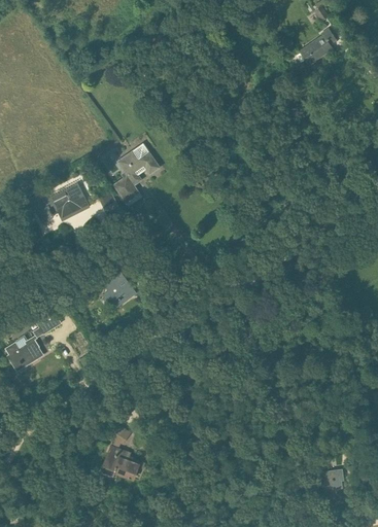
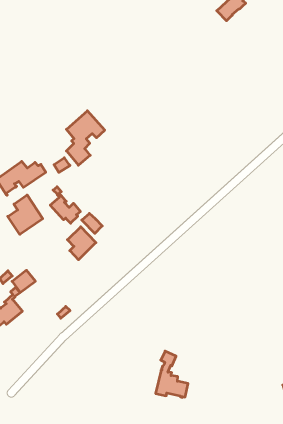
building: none -> [50,187,80,223]
building: none -> [8,195,43,234]
building: [102,425,139,479] -> [156,351,188,397]

